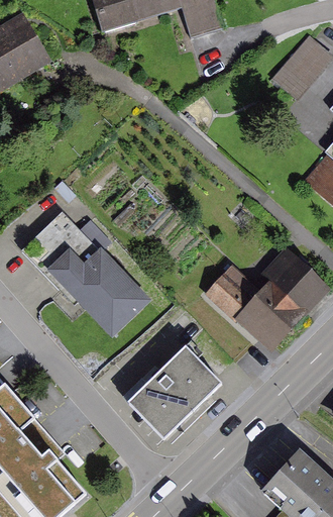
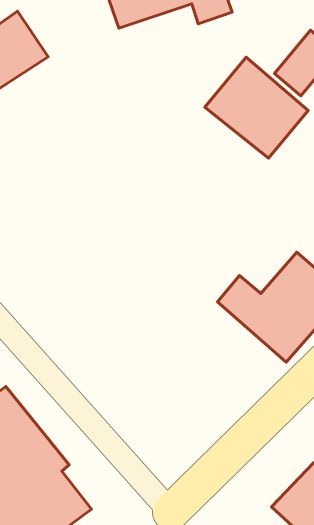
building: none -> [205,57,308,158]
building: [24,210,149,335] -> none
building: [127,354,229,458] -> none

